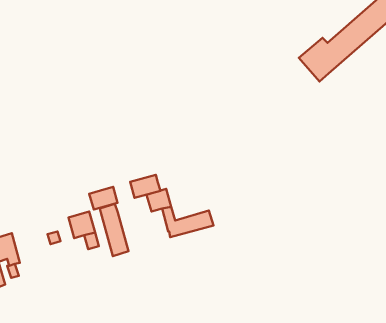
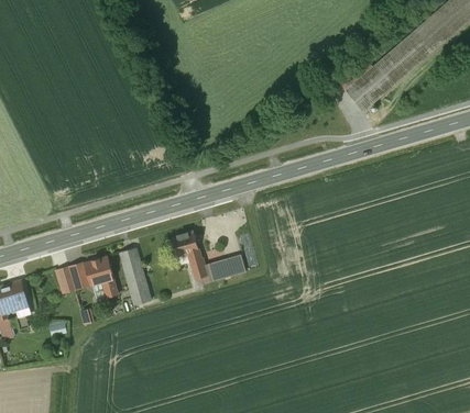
building: [130,175,160,198] -> none
building: [89,187,118,210] -> none

